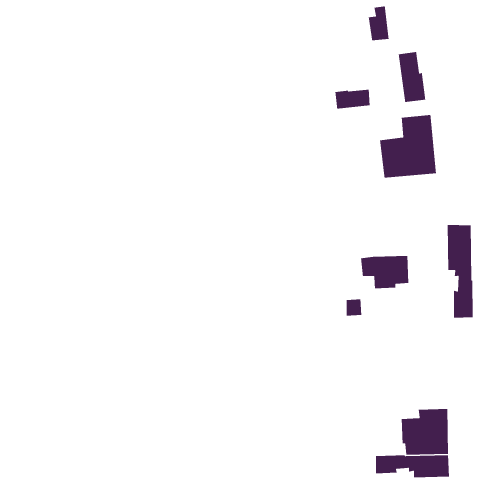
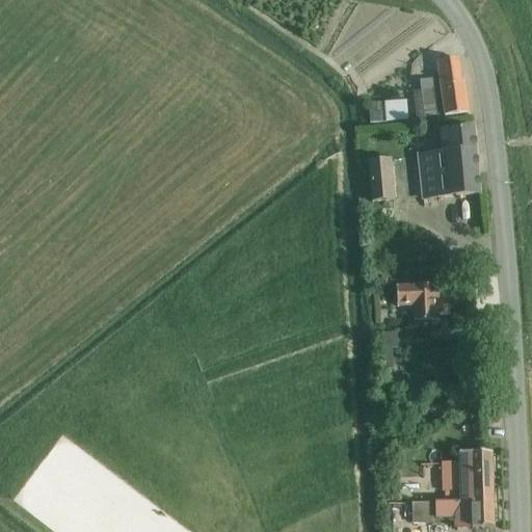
building: [368,5,389,41] -> [413,76,436,115]
building: none -> [367,156,395,200]
building: [447,224,473,319] -> none

